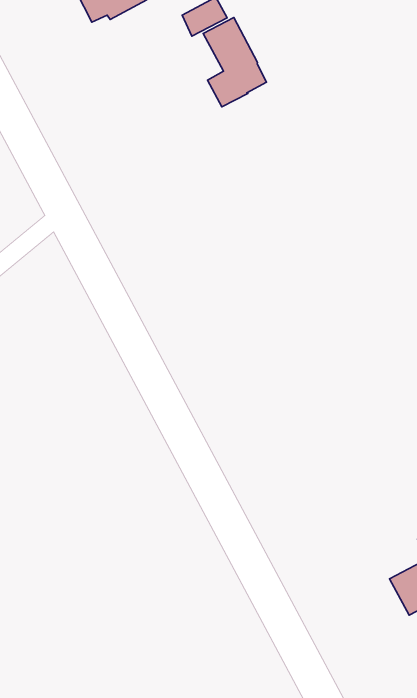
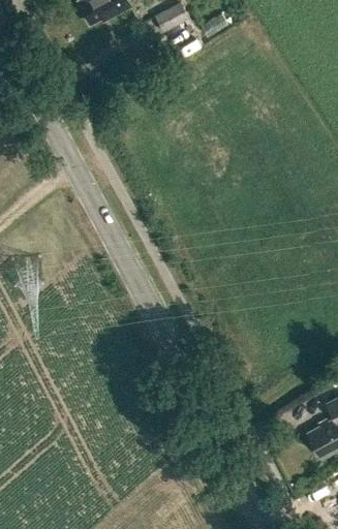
building: [203,17,267,107] -> none

